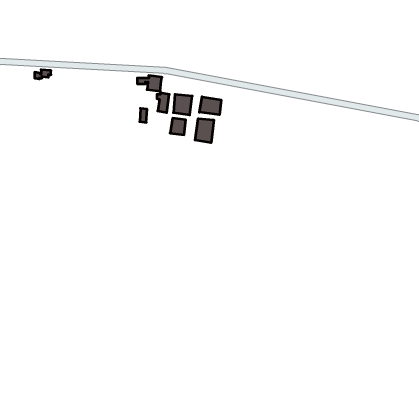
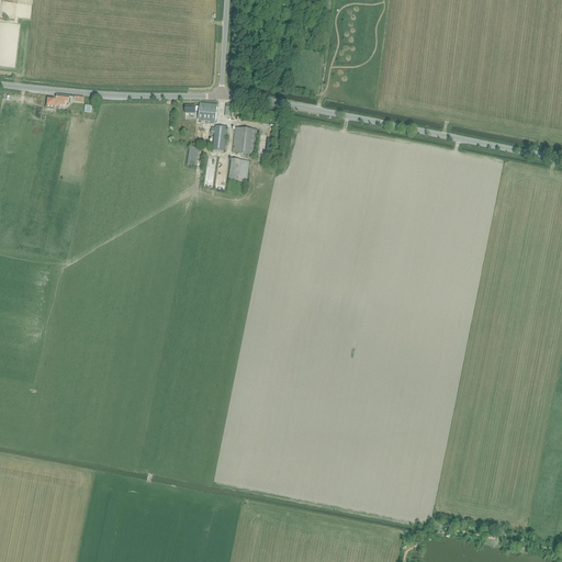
building: [199,97,221,115] -> none
building: [195,119,214,143] -> none

